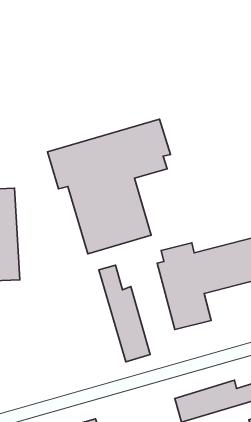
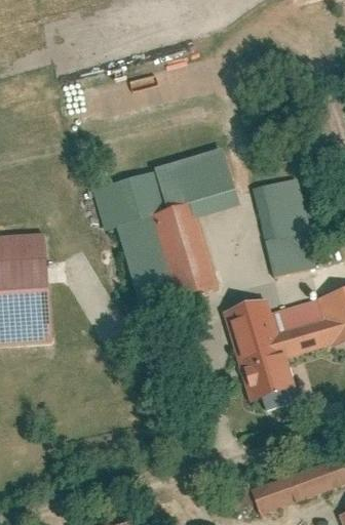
building: none -> [257,176,319,275]
building: [99,265,150,362] -> none

